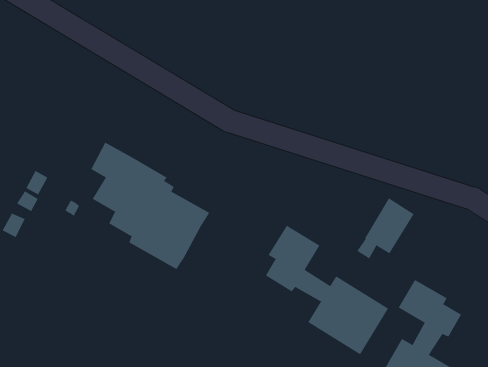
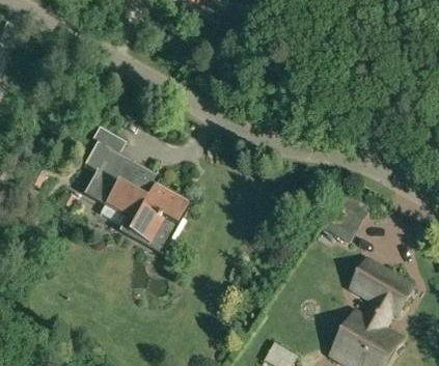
building: [265,225,389,355] -> none

